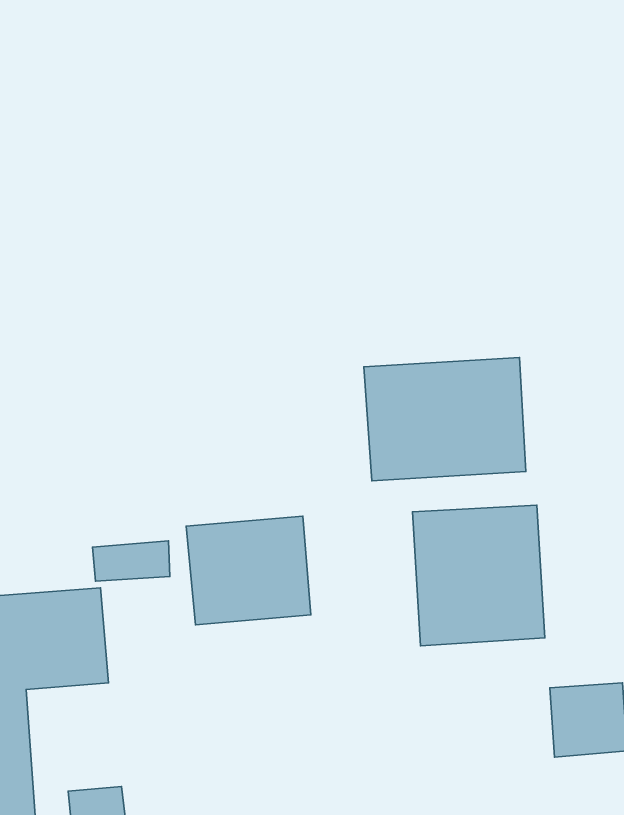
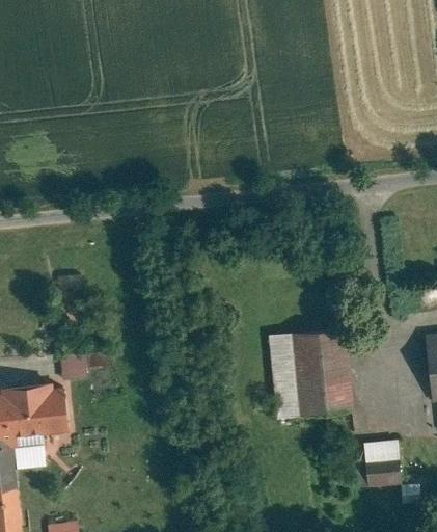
building: [364,358,526,481] -> none
building: [186,516,311,625] -> none

